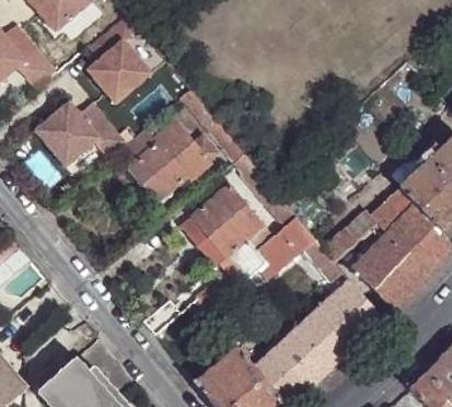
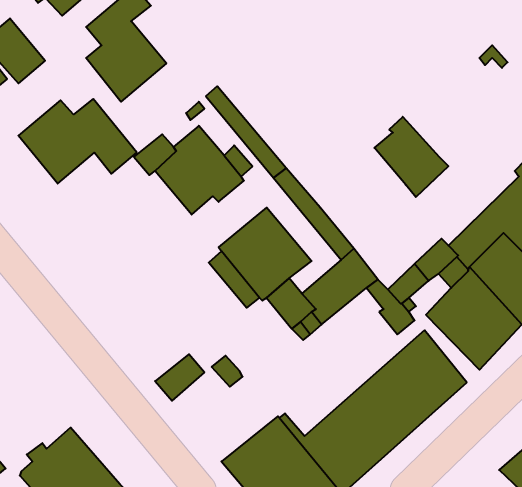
building: none -> [374,117,448,197]

